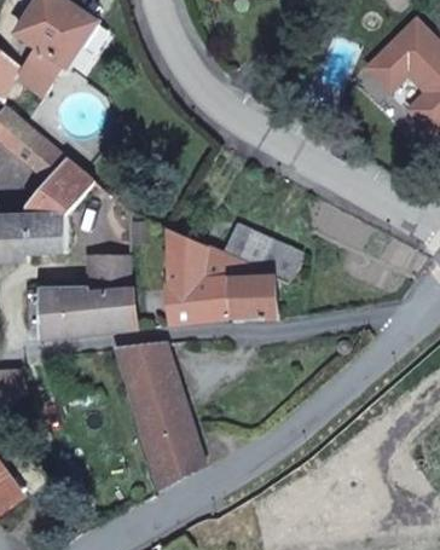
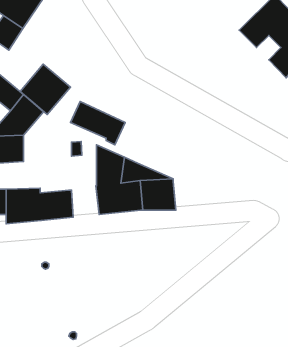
building: none -> [20,64,71,115]
building: [224,224,300,284] -> [70,102,125,145]
building: [88,256,128,294] -> none
building: [116,342,204,491] -> none

